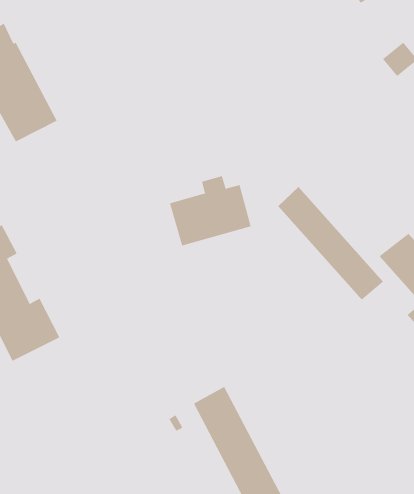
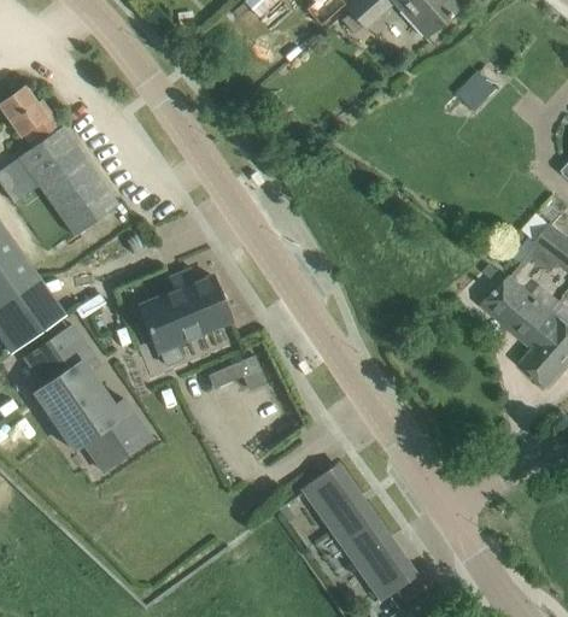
building: [169,175,252,246] -> [140,269,232,351]
building: [277,186,384,301] -> none
building: none -> [209,354,267,387]

